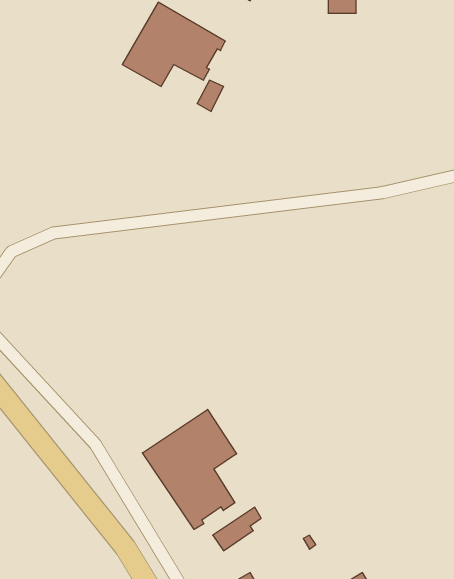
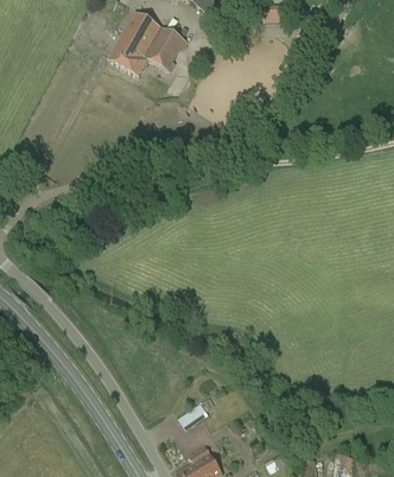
building: [142,409,237,529] -> none

